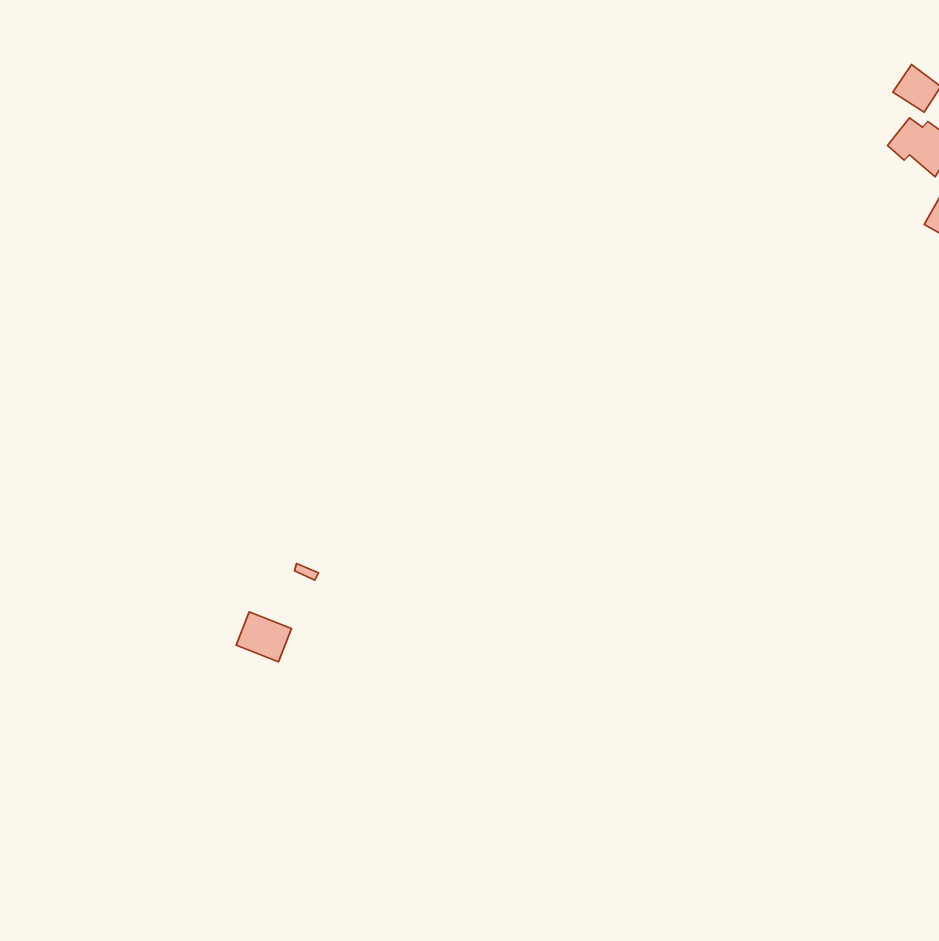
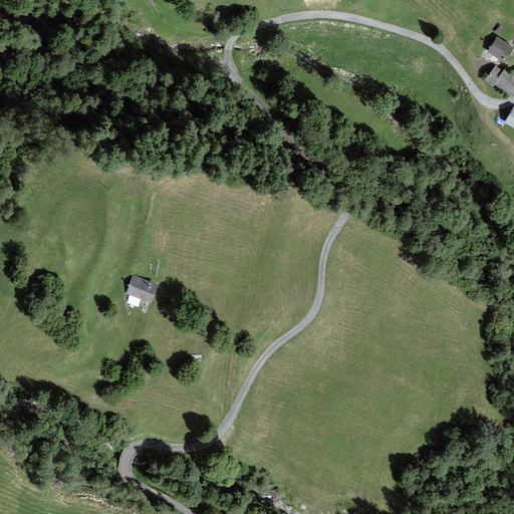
building: [236,612,291,662] -> [126,275,157,302]

